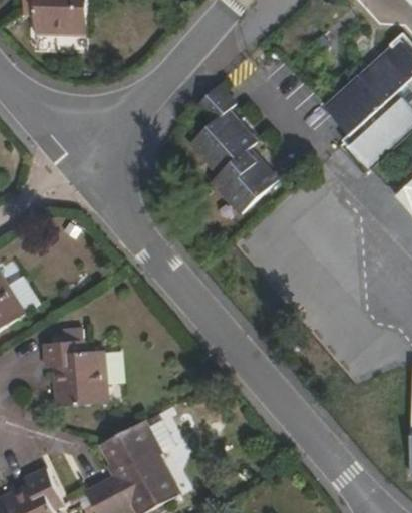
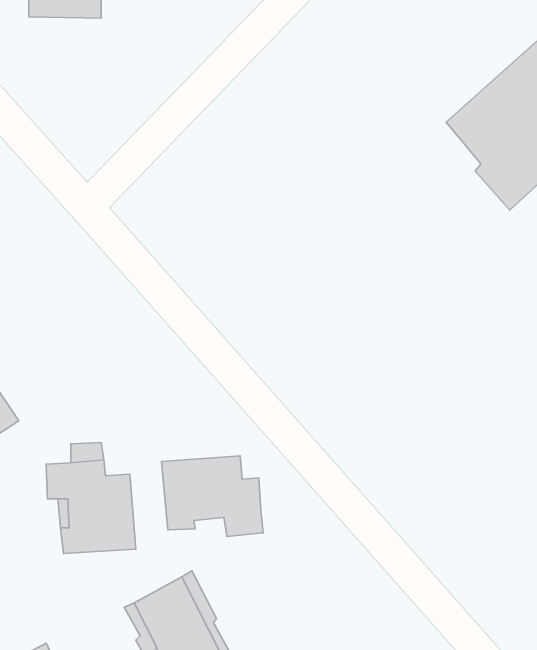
building: [190,84,277,212] -> none
building: none -> [162,456,263,537]

